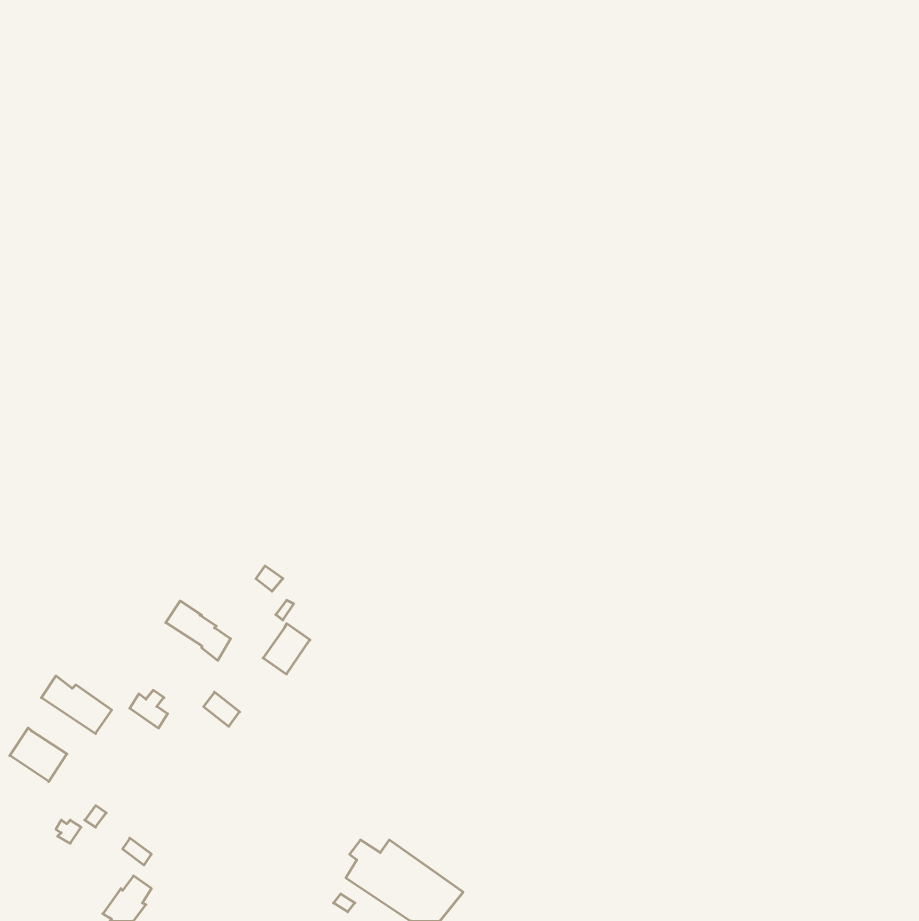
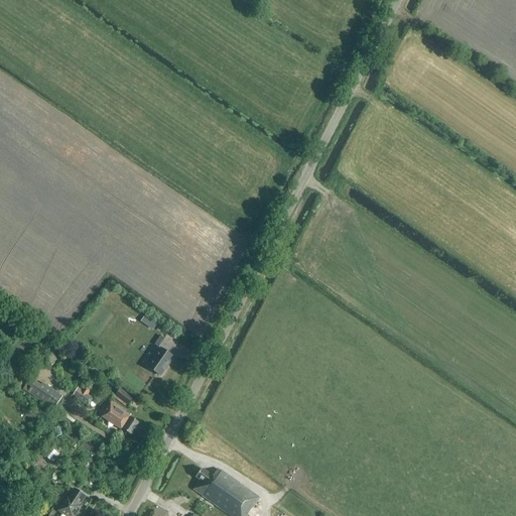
building: [166,601,231,660] -> [104,403,140,436]
building: [10,728,67,782] -> none

